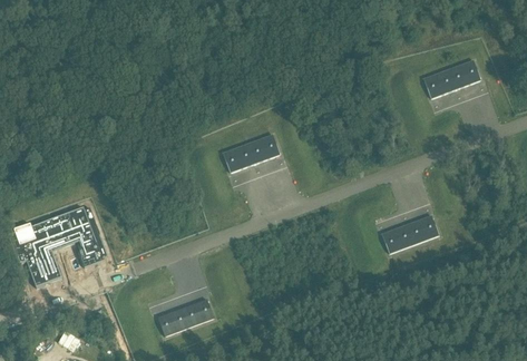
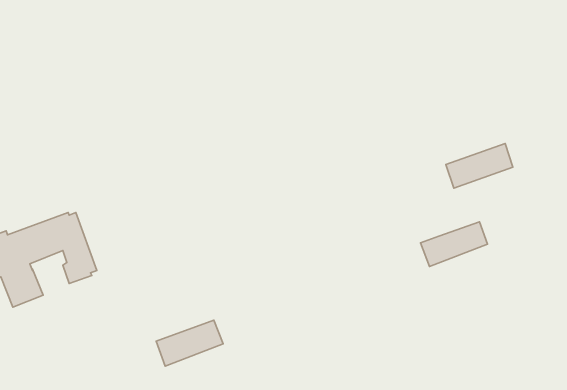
building: [423,59,480,97] -> [446,143,513,188]
building: [223,134,280,172] -> none

